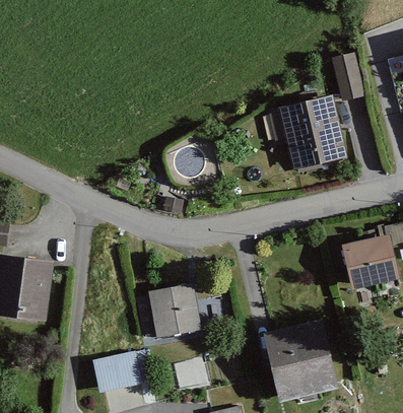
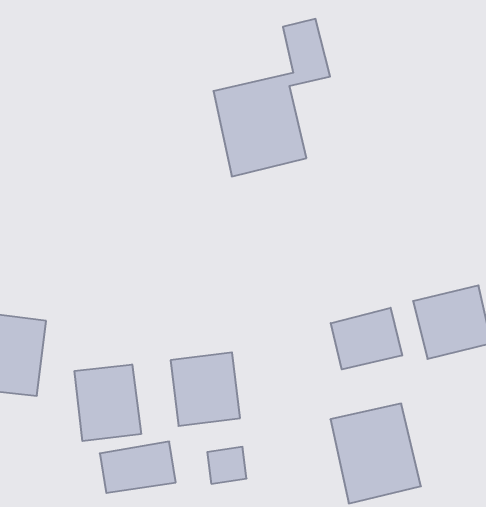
building: [275,57,365,179] -> [213,19,330,176]
building: none -> [331,308,402,369]
building: none -> [75,364,141,441]

